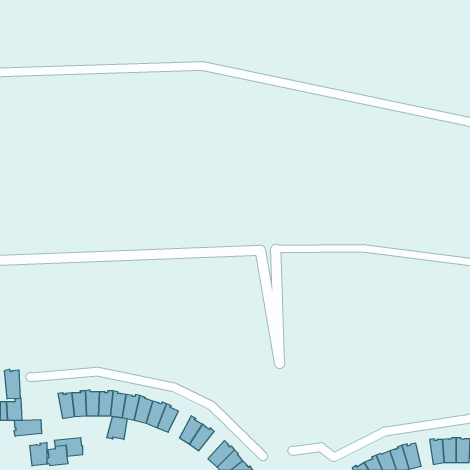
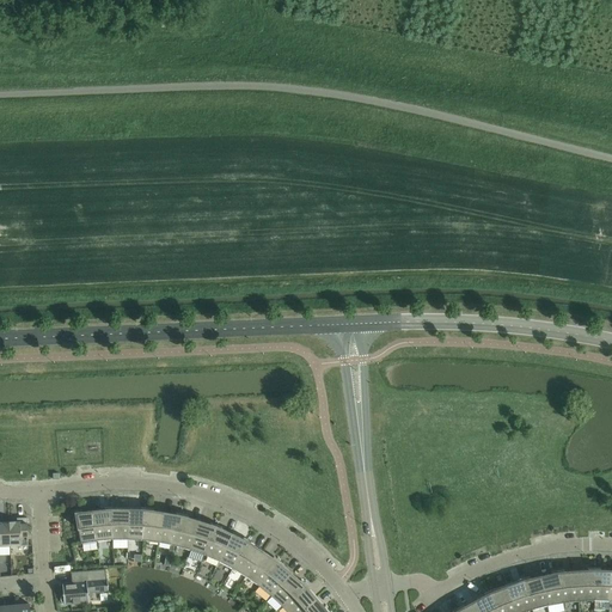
building: [5,369,20,399] -> none
building: none -> [219,534,249,569]
building: [107,416,127,440] -> none
building: [14,420,41,436] -> none
building: none -> [258,561,292,596]
building: none -> [540,571,563,606]
building: [30,442,47,466] -> none

